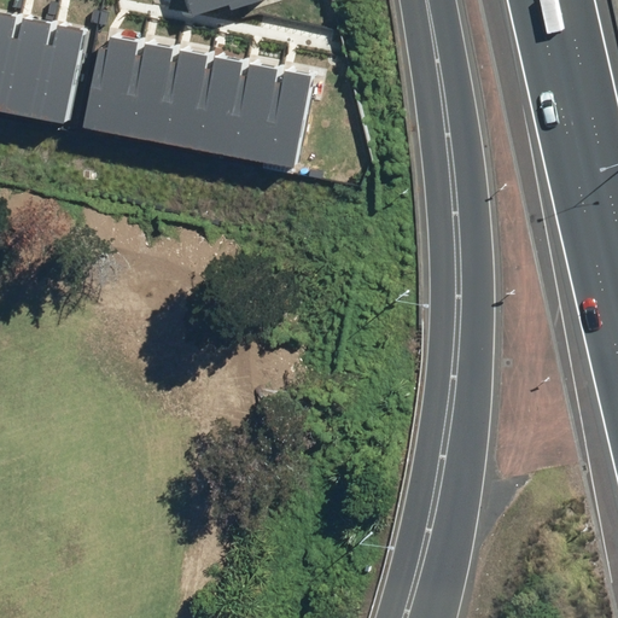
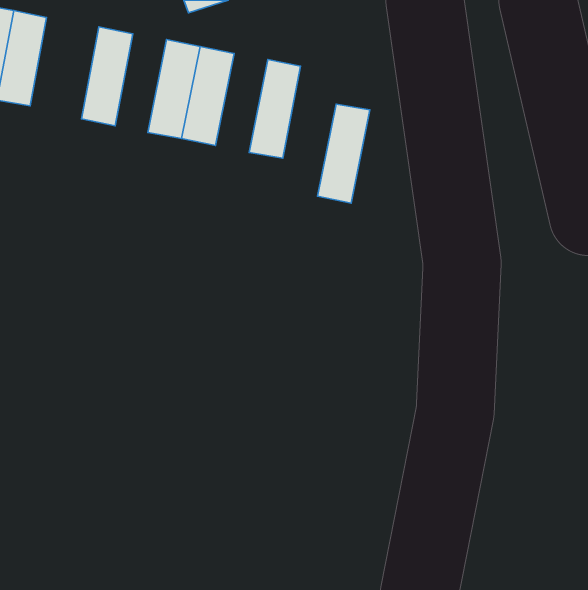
building: [31,23,83,122] -> none
building: [119,40,173,142] -> none
building: [223,60,278,163] -> [317,104,370,203]

